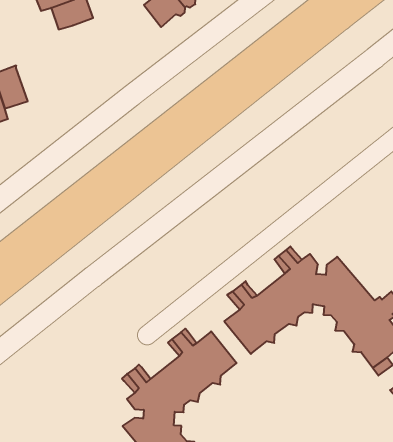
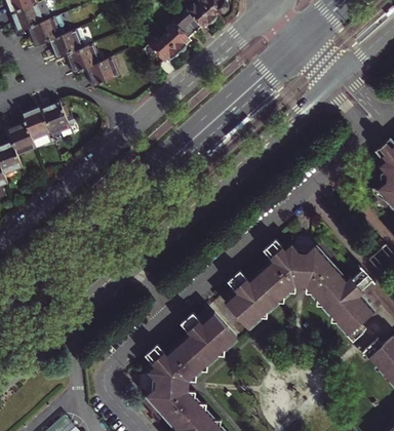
building: none -> [84,57,120,87]
building: none -> [40,100,71,135]

